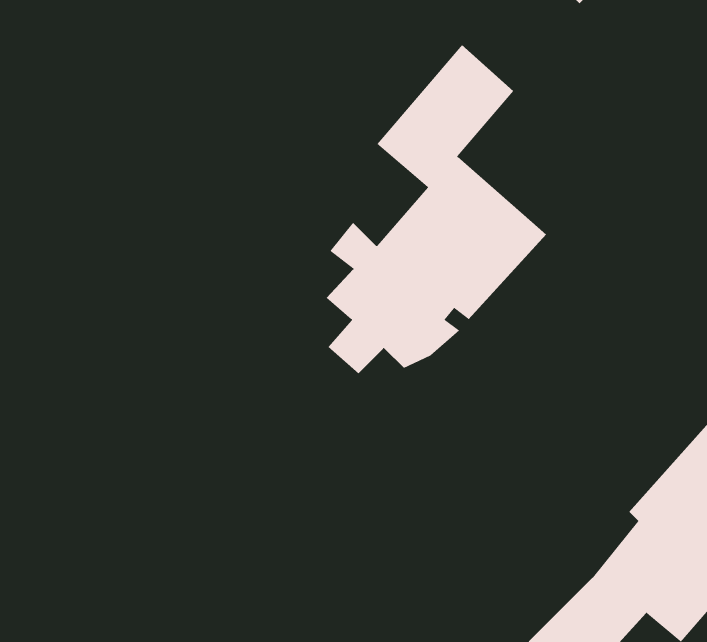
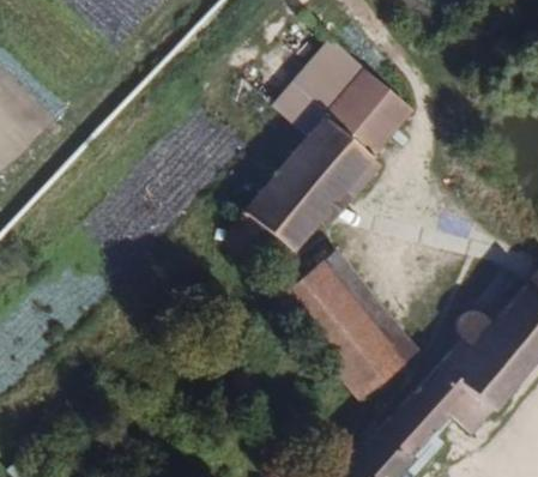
building: none -> [332,68,417,155]
building: none -> [276,252,411,393]

